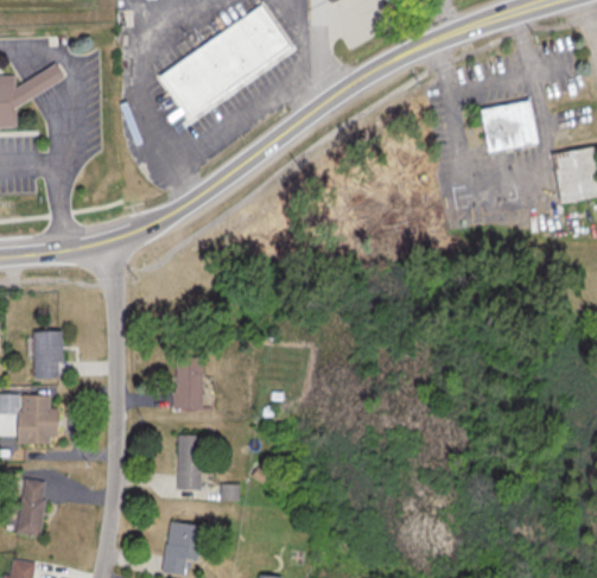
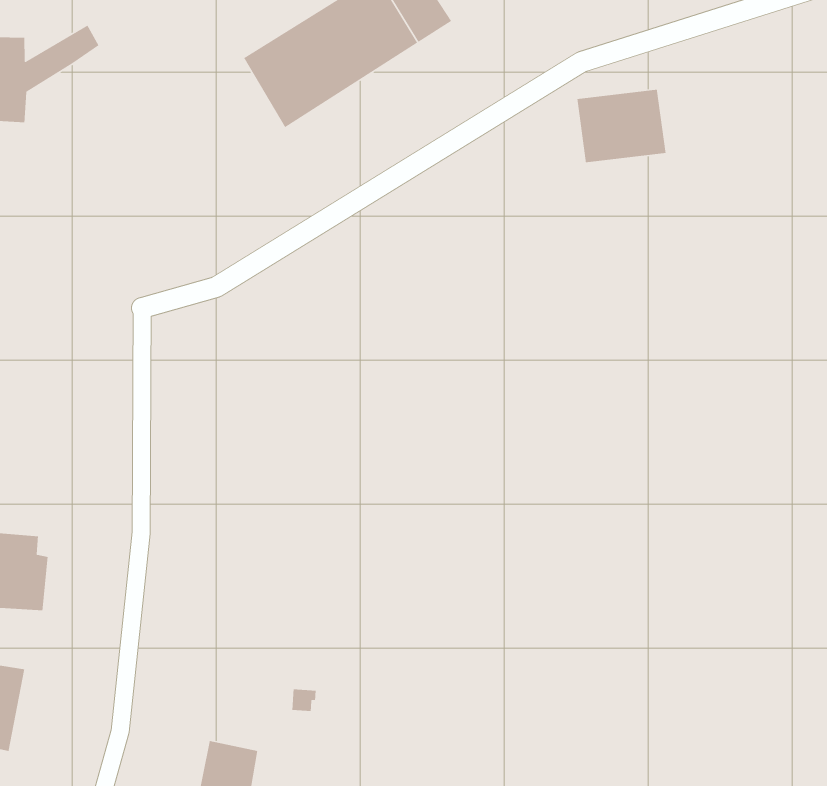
building: [477,101,538,152] -> [576,89,666,163]
building: [32,331,61,379] -> none
building: [172,357,201,408] -> none
building: [177,434,201,488] -> none

